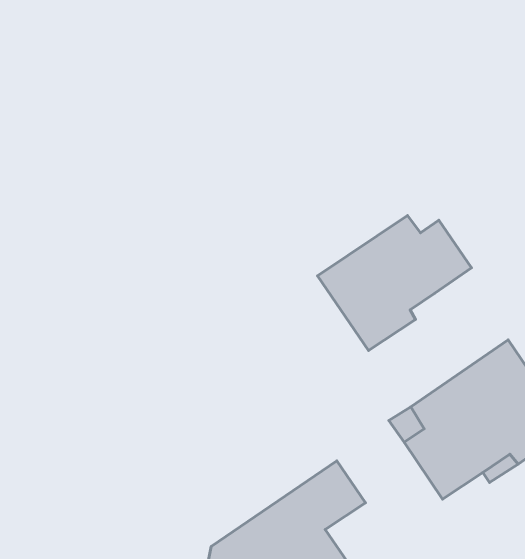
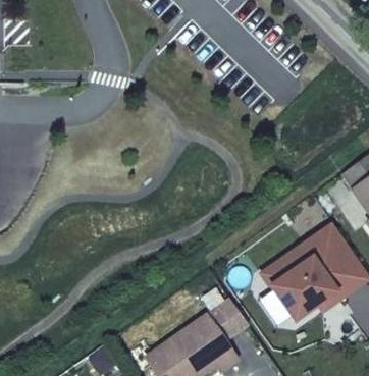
building: [318,215,471,351] -> none

